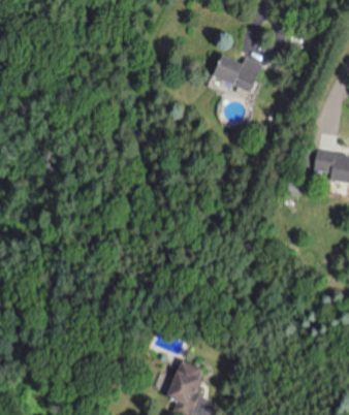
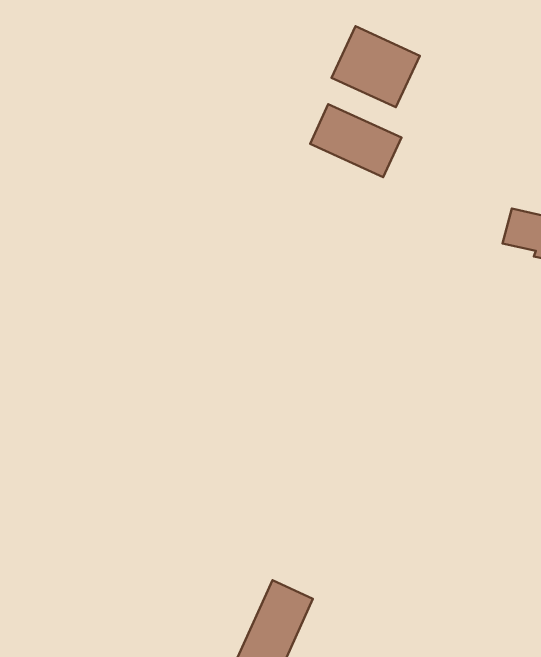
building: none -> [310,104,401,177]

